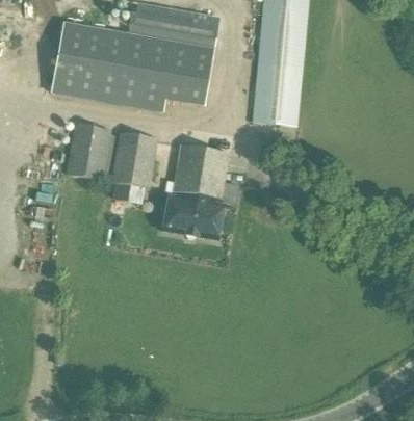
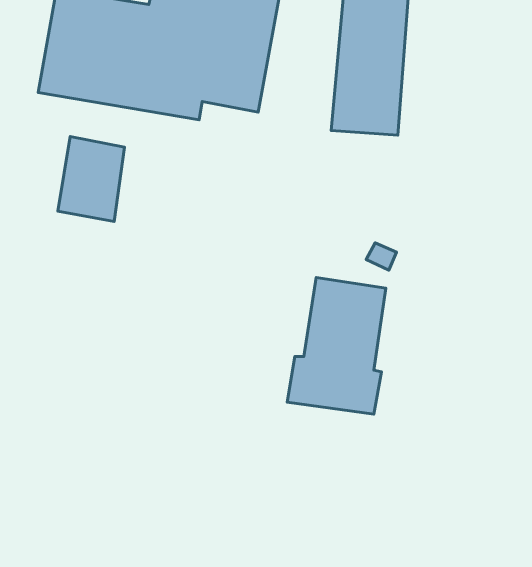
building: [110,131,158,188] -> none
building: [161,144,229,238] -> [287,278,386,414]

